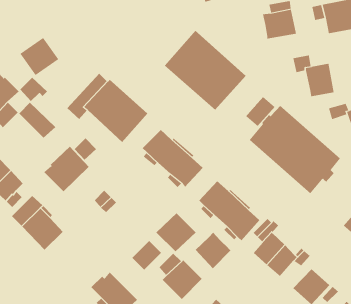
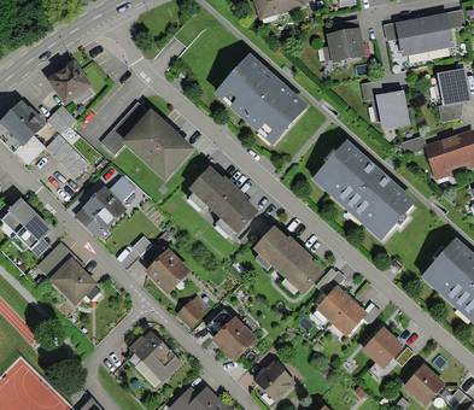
building: [245,96,275,127] -> none
building: [156,212,196,252] -> [144,248,191,294]
building: [195,232,232,269] -> none

